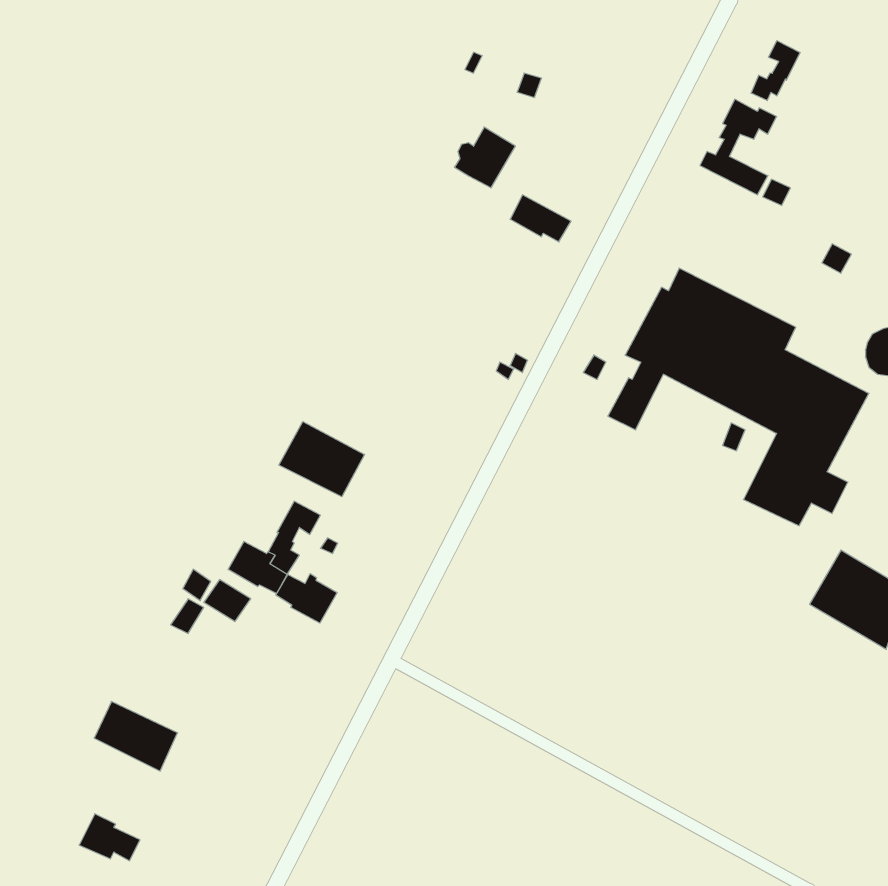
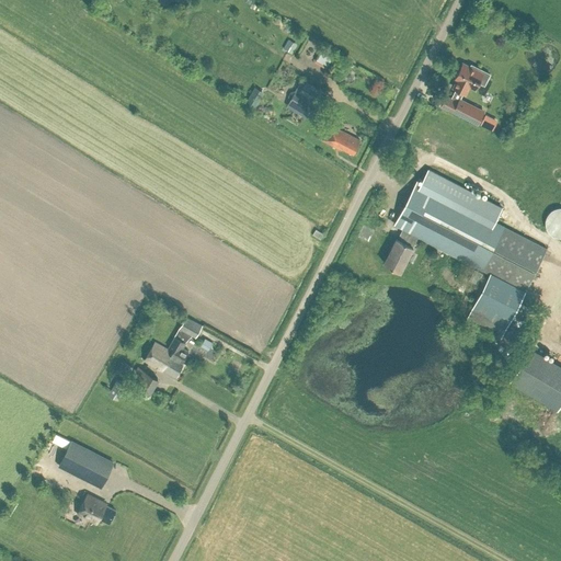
building: [751,41,800,101] -> none
building: [279,422,365,497] -> none
building: [276,574,337,623] -> none
building: [79,814,140,861] -> [78,495,116,525]

